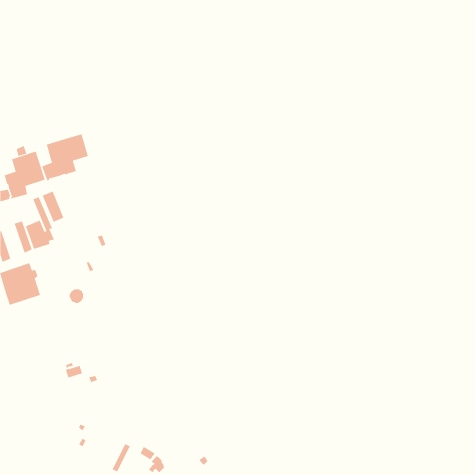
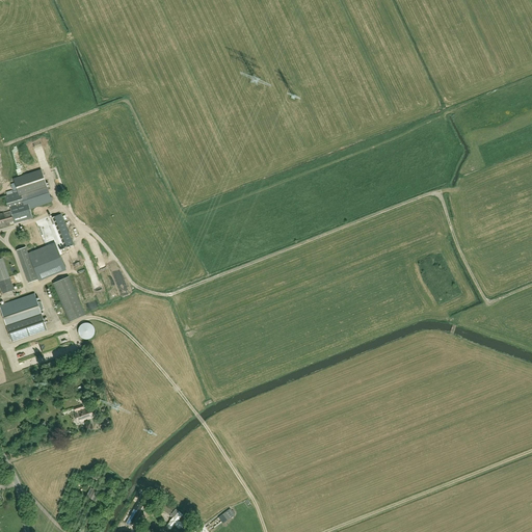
building: [41,133,88,181] -> none
building: none -> [52,275,84,321]

